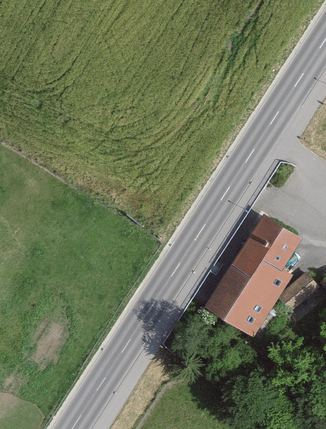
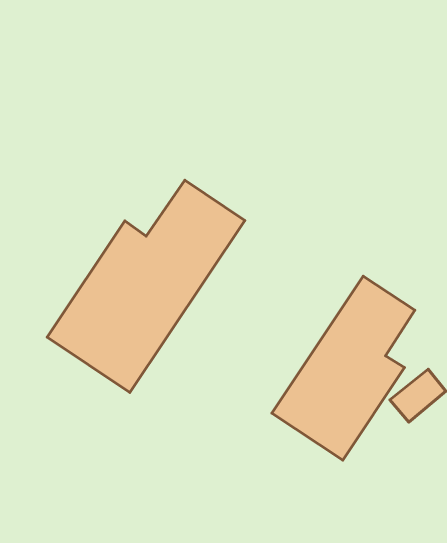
building: none -> [47,180,245,393]

